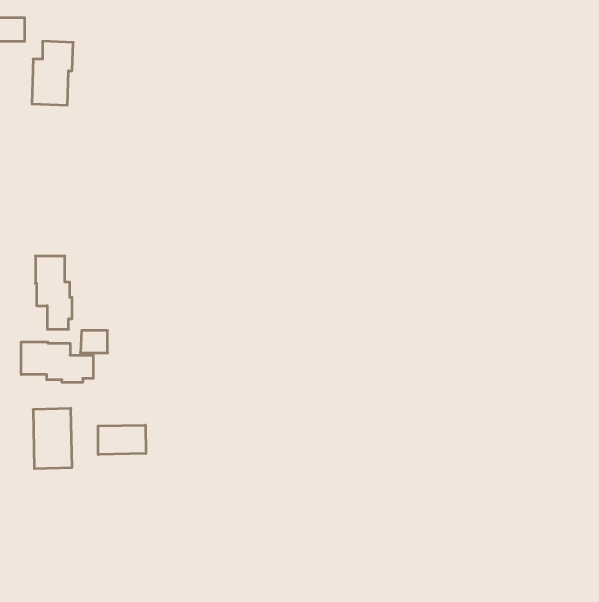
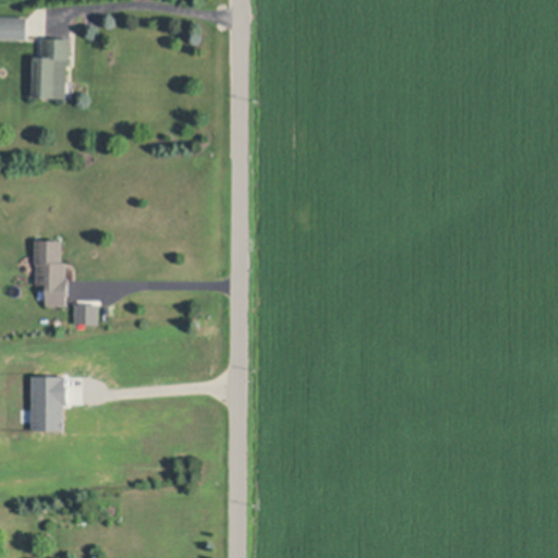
building: [21,342,93,382] -> none
building: [98,425,146,455] -> none

